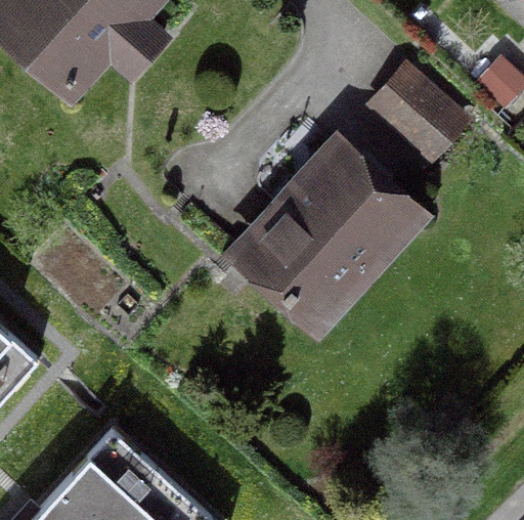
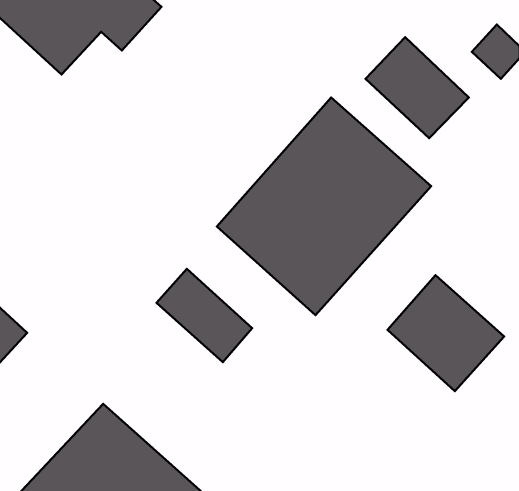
building: none -> [156,269,252,362]
building: none -> [388,275,504,391]

